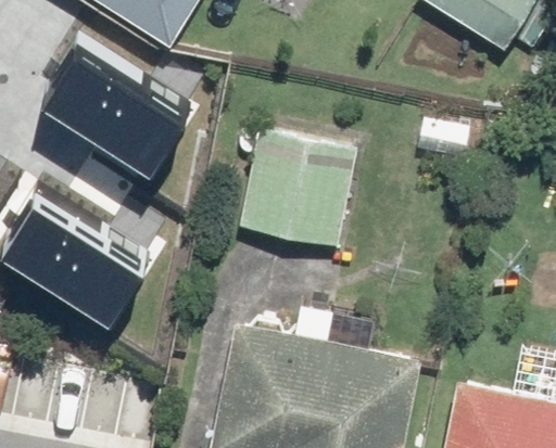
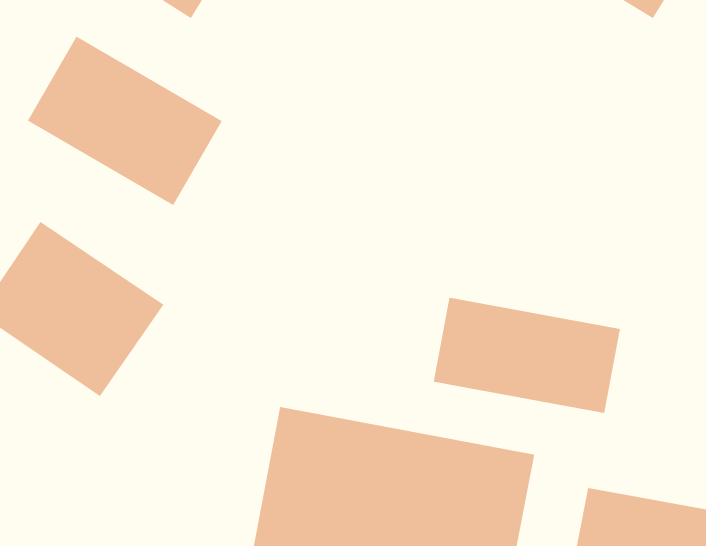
building: [250,132,357,248] -> none
building: none -> [433,297,621,414]

